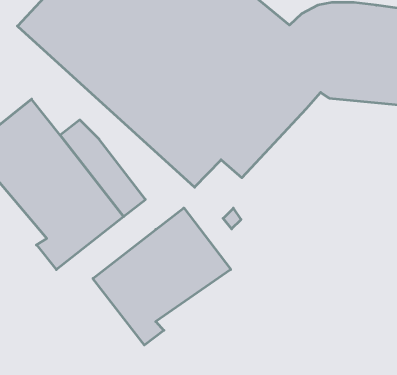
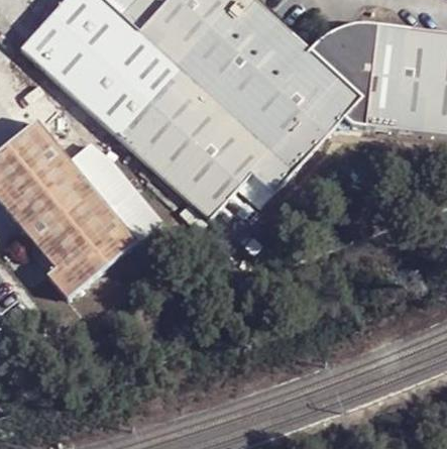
building: [93,208,231,345] -> none

